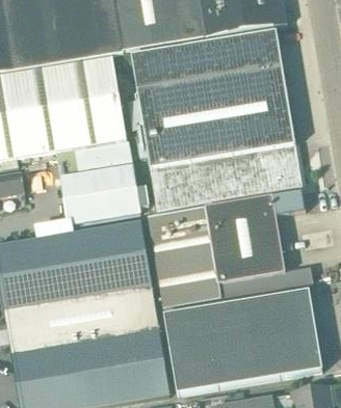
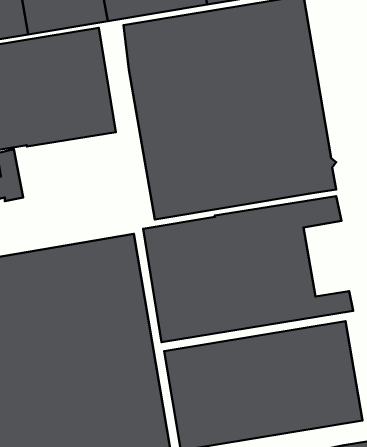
building: [56,139,139,223] -> none

